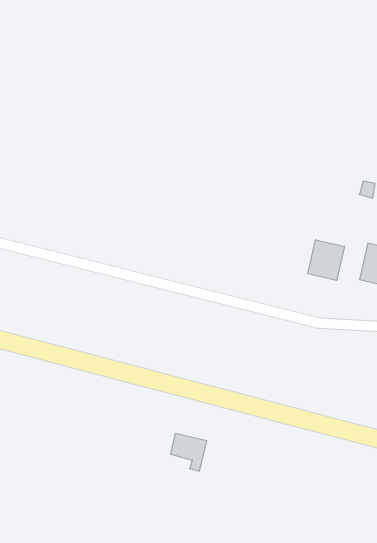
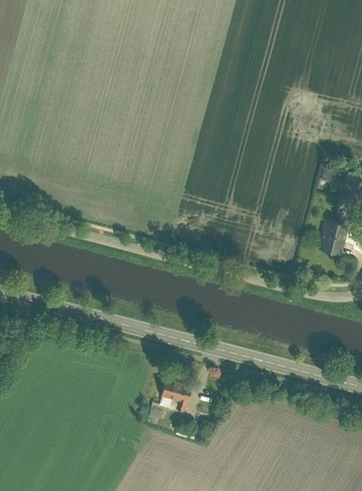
building: [308,240,345,280] -> none

